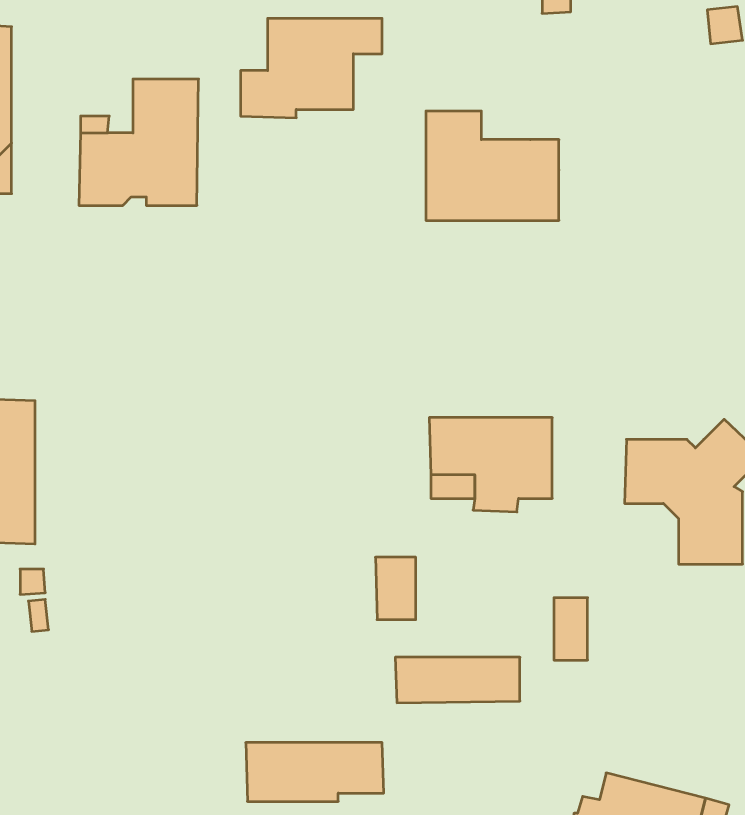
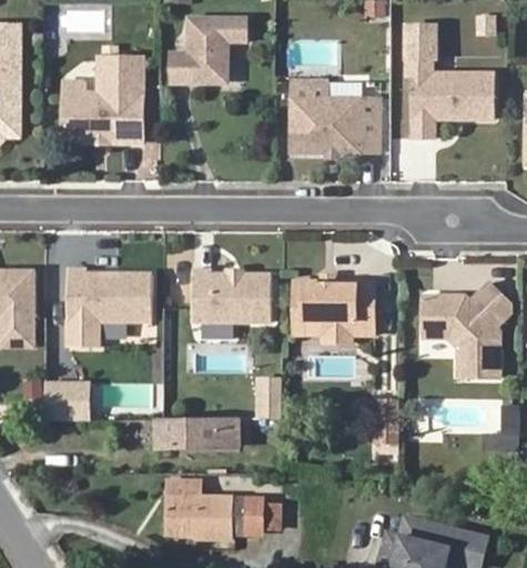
building: none -> [405,27,491,138]
building: none -> [67,270,151,347]
building: none -> [192,271,271,322]
building: none -> [44,381,80,417]
building: [395,657,520,703] -> [156,416,239,446]

